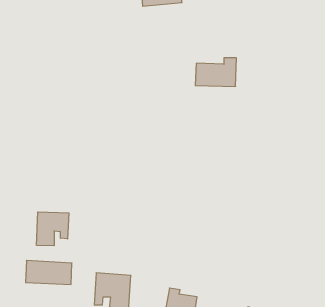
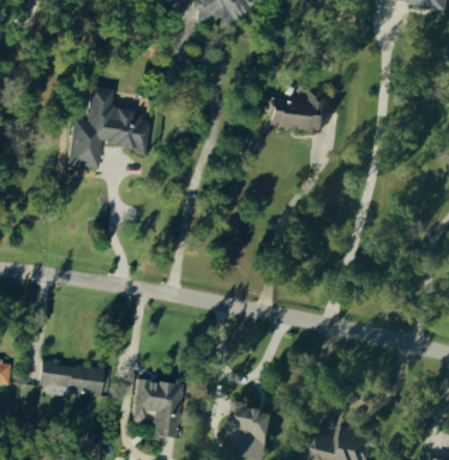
building: none -> [66,85,150,169]
building: [37,212,69,246] -> none

